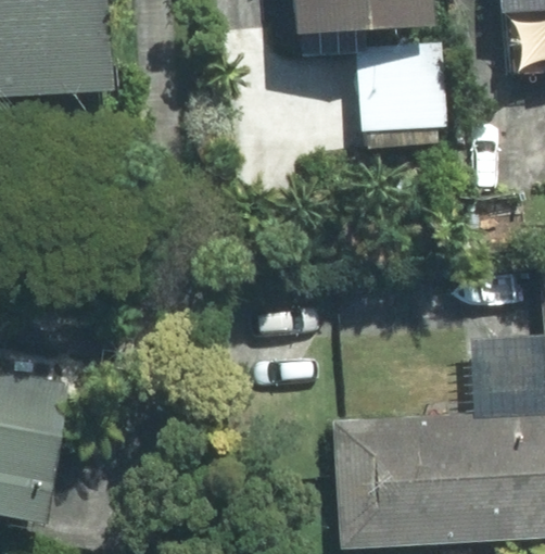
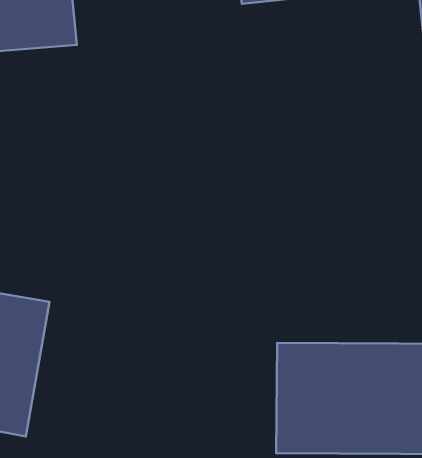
building: [358,40,448,136] -> none

